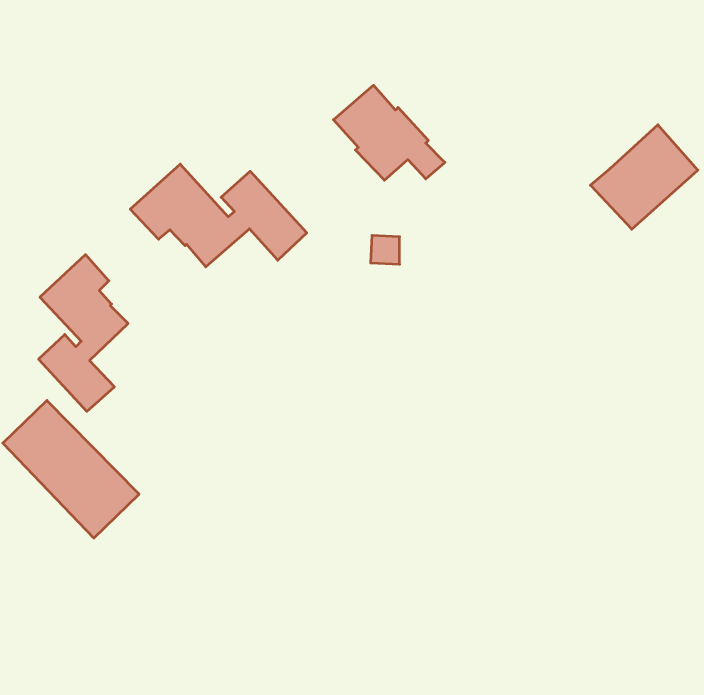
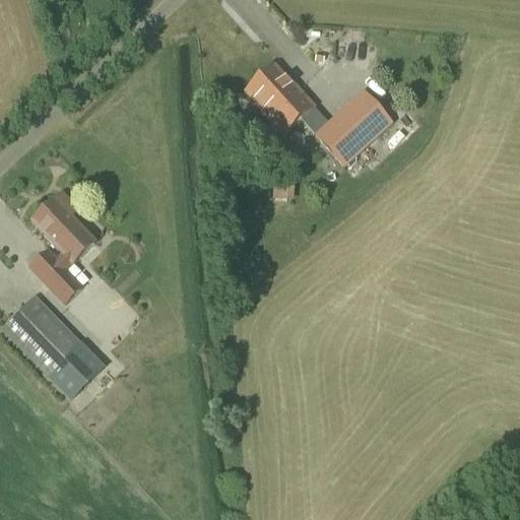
building: [590,125,698,229] -> [314,87,393,165]
building: [130,164,307,267] -> none

